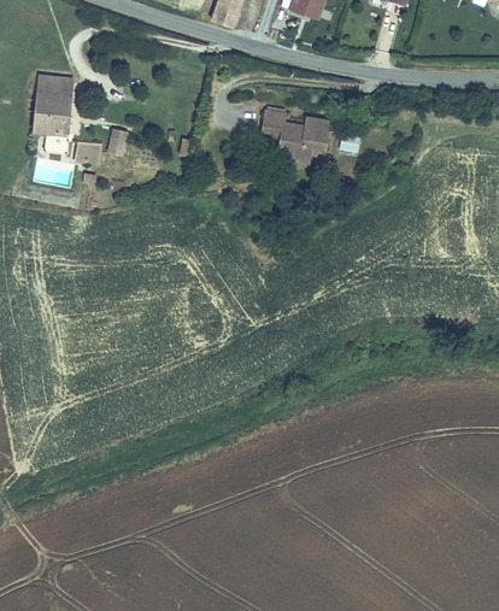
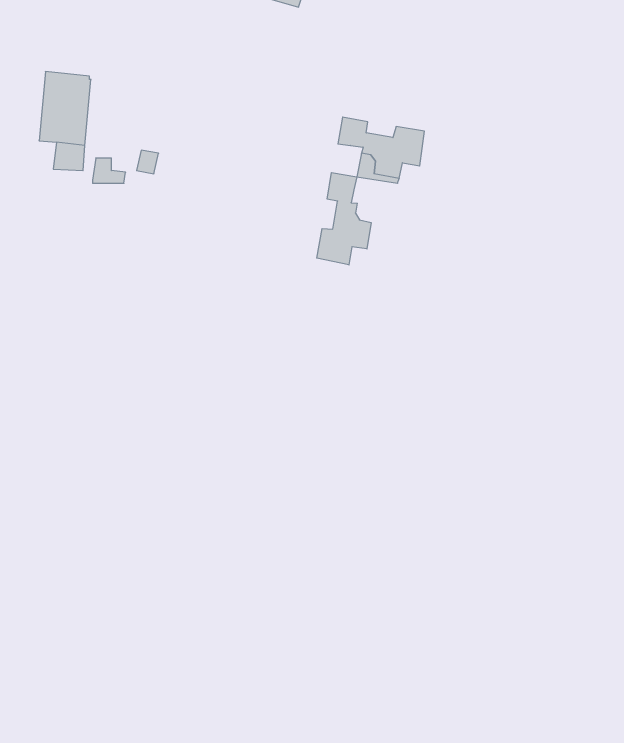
building: none -> [317,173,371,265]

